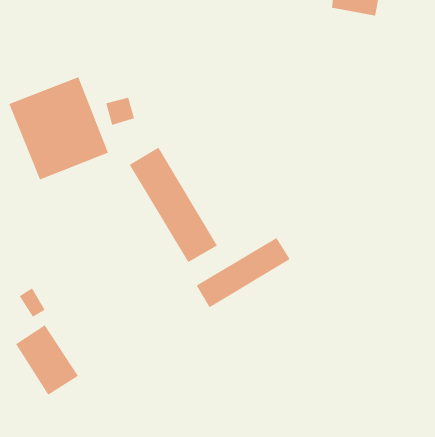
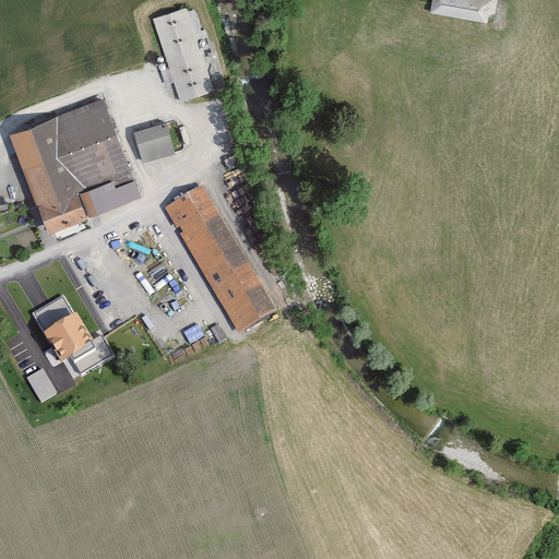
building: none -> [152,9,212,103]
building: [196,237,291,308] -> none
building: [15,324,79,396] -> [32,289,112,380]

